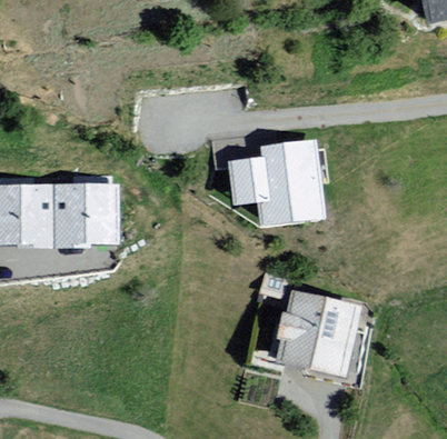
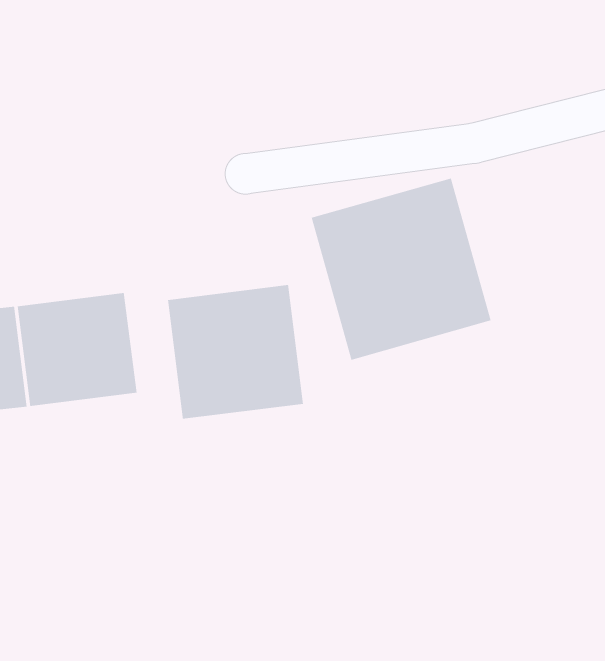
building: none -> [167,284,304,420]
building: [281,290,361,371] -> none

